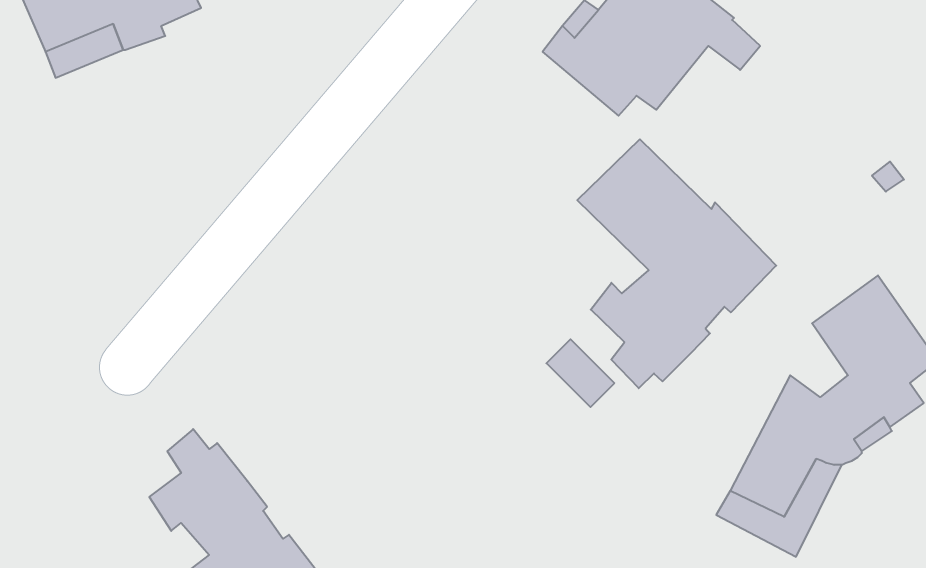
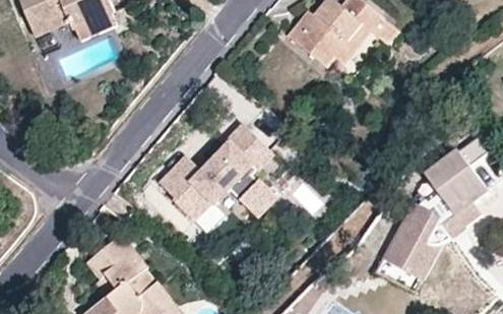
building: [577,139,776,388] -> none
building: none -> [159,122,282,236]

